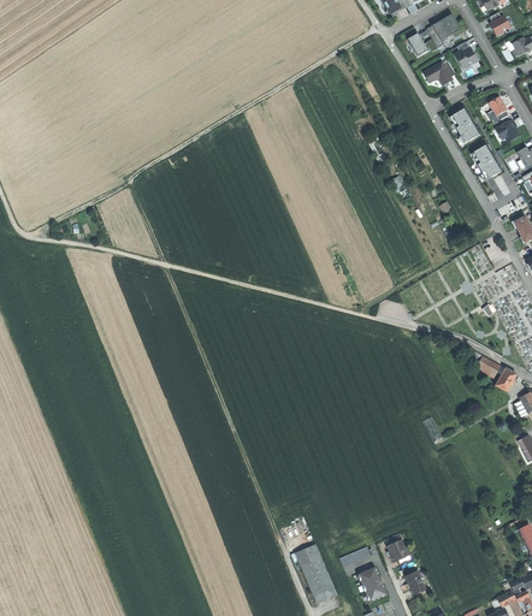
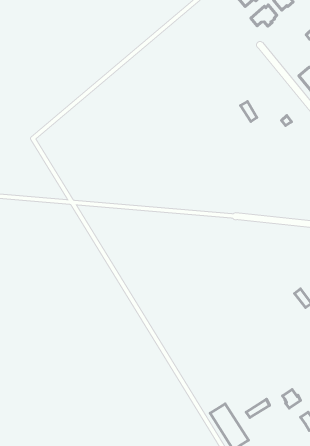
building: [449,108,479,142] -> none
building: [357,565,386,600] -> none

